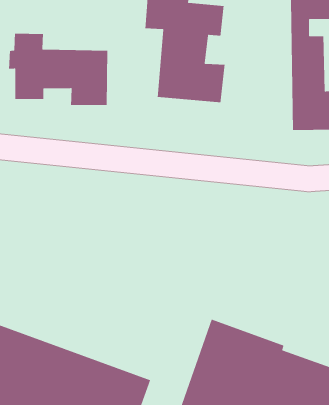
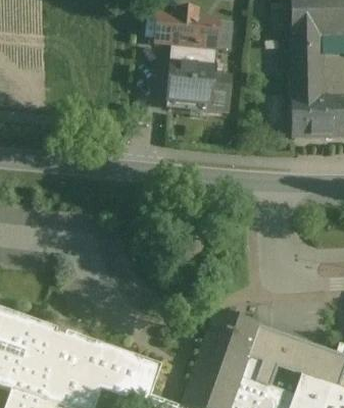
building: [8,33,108,106] -> none

